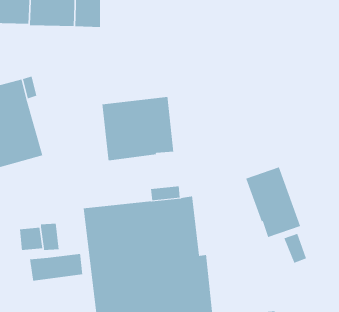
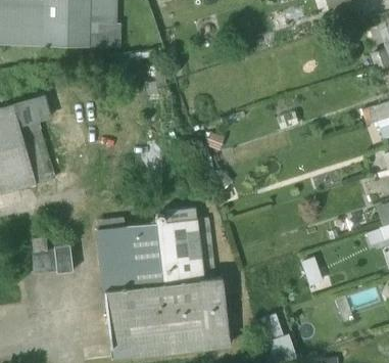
building: [102,96,174,161] -> none
building: [245,166,301,238] -> none
building: [30,253,83,282] -> none

